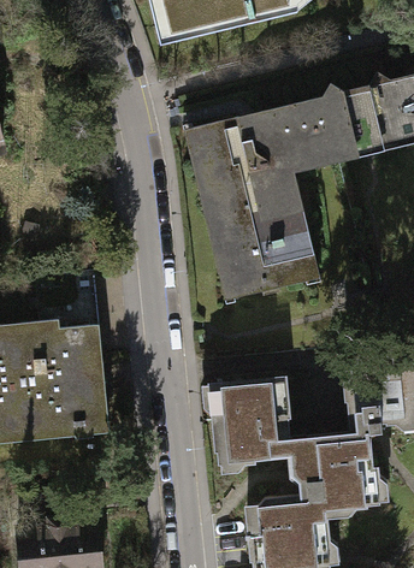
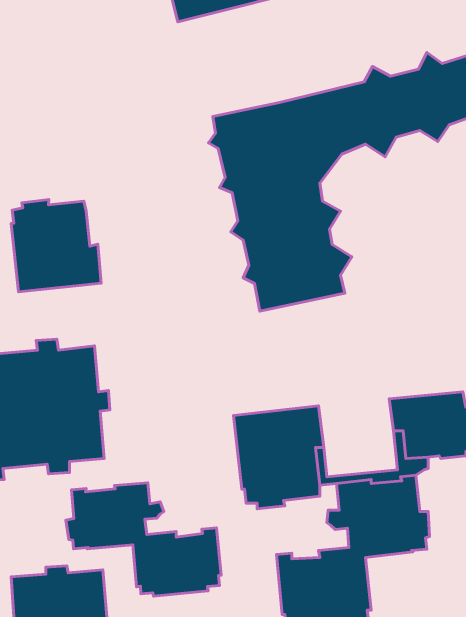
building: none -> [11,200,101,292]
building: none -> [66,483,221,596]

